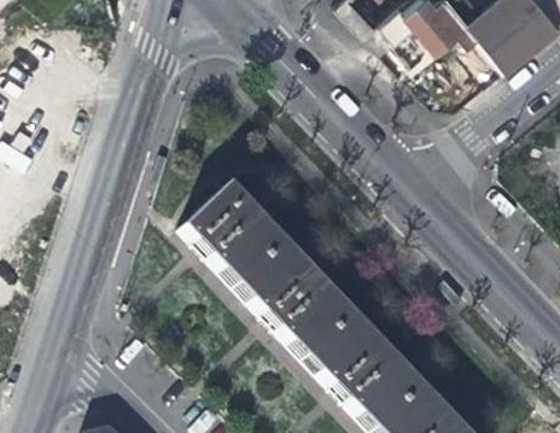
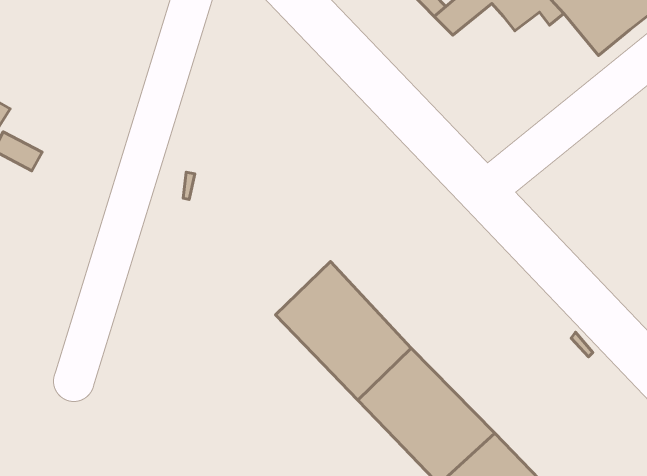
building: [181,187,284,289] -> none

